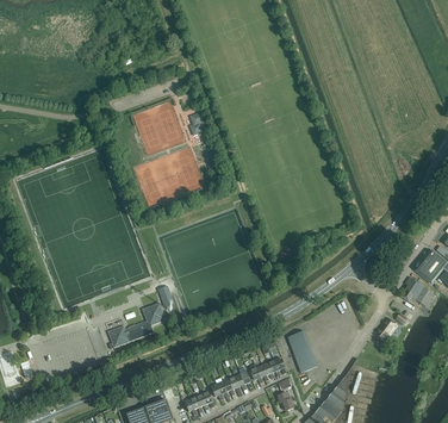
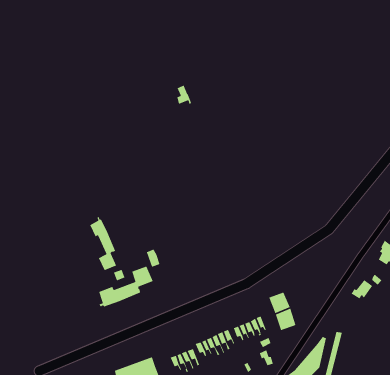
building: none -> [89,217,117,271]

